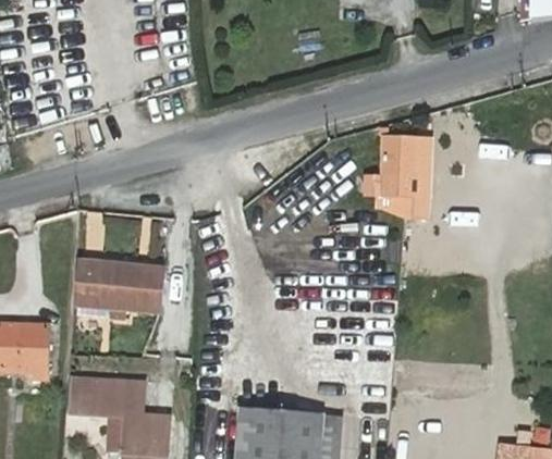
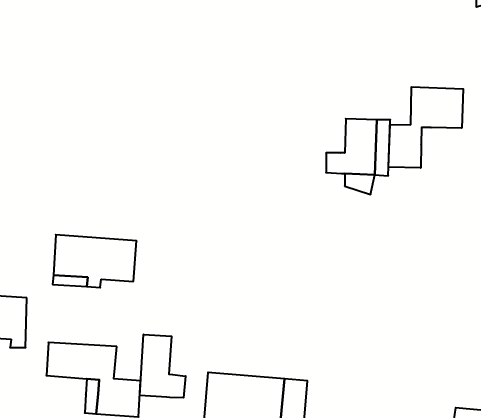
building: none -> [389,87,463,168]
building: none -> [140,334,186,398]

